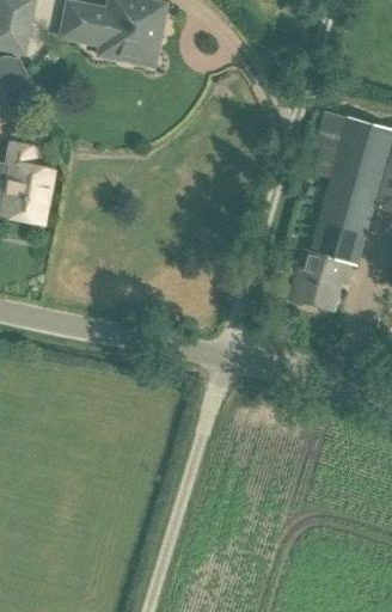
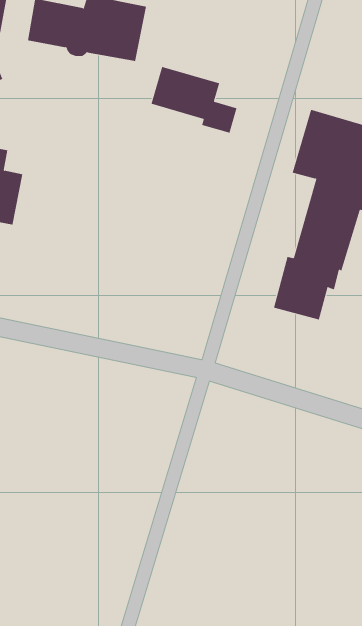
building: none -> [151,66,237,133]

